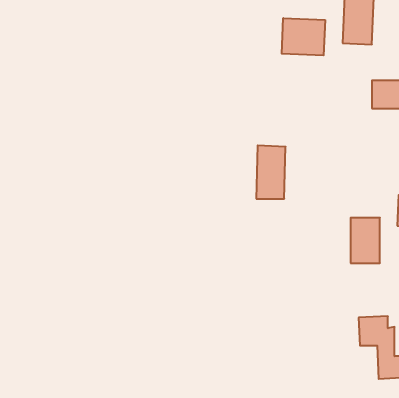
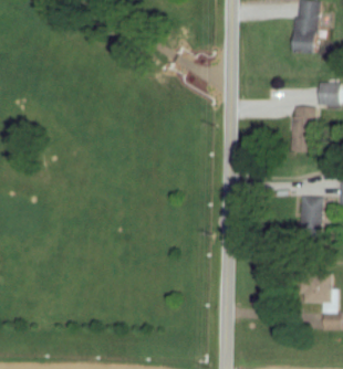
building: [282,18,325,55] -> none
building: [256,145,286,199] -> [290,106,314,150]

